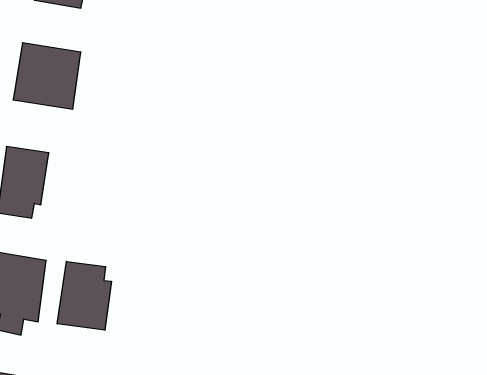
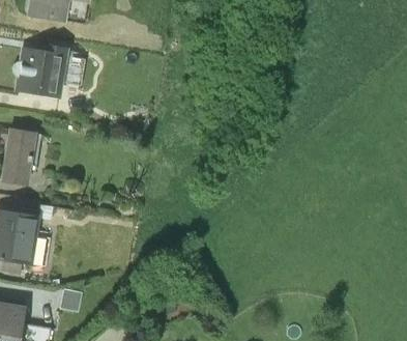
building: [57,261,111,330] -> none

